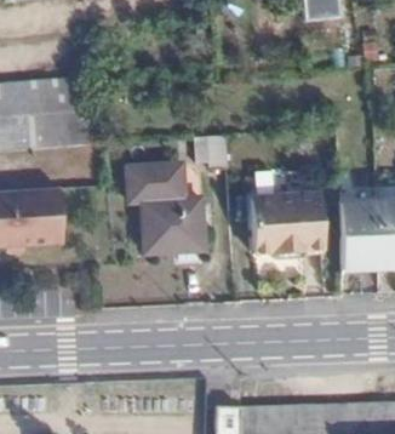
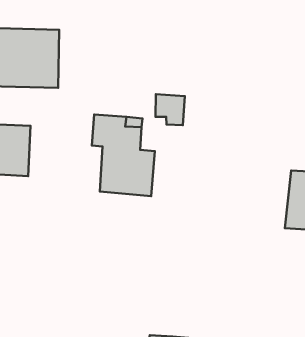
building: [251,193,322,261] -> none

